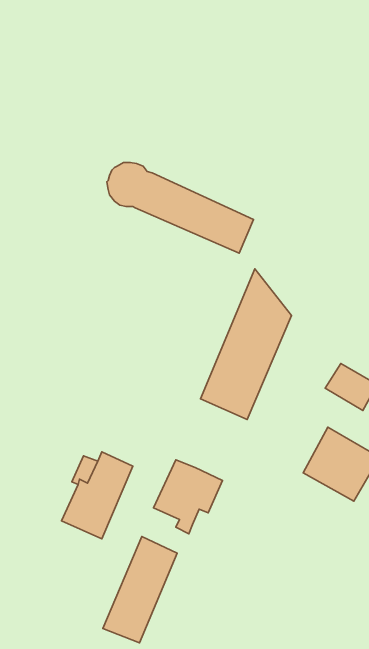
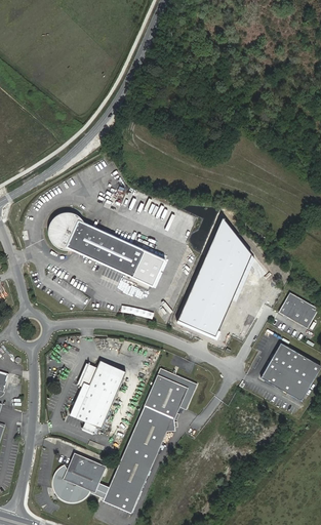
building: [107,162,254,253] -> [48,214,164,286]
building: none -> [132,405,173,441]
building: none -> [51,453,105,502]

